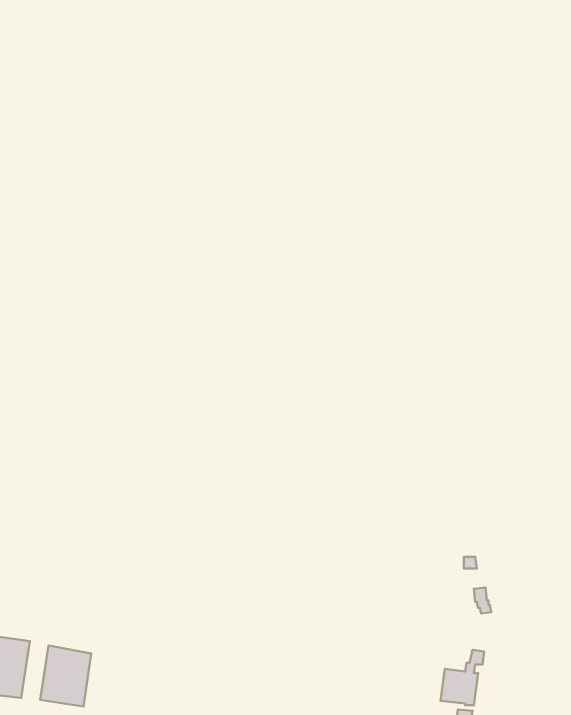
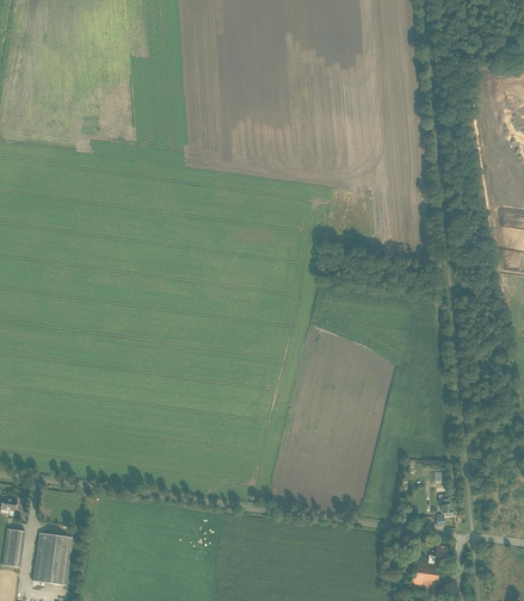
building: [40,646,91,707] -> none

